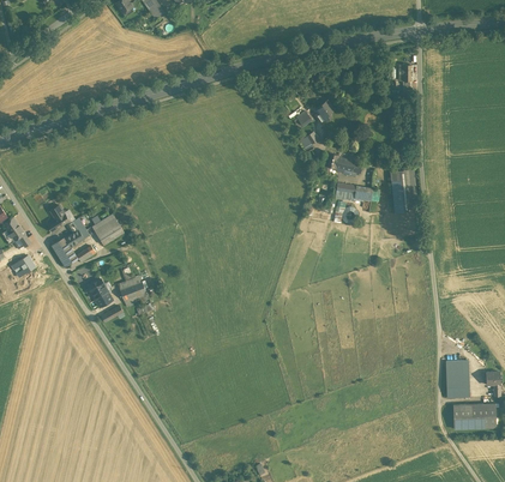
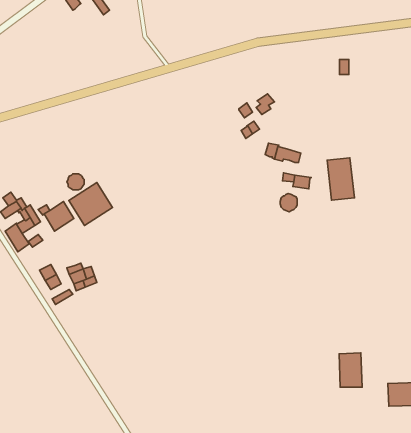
building: none -> [69,183,112,225]
building: [445,361,469,397] -> [339,353,362,387]

